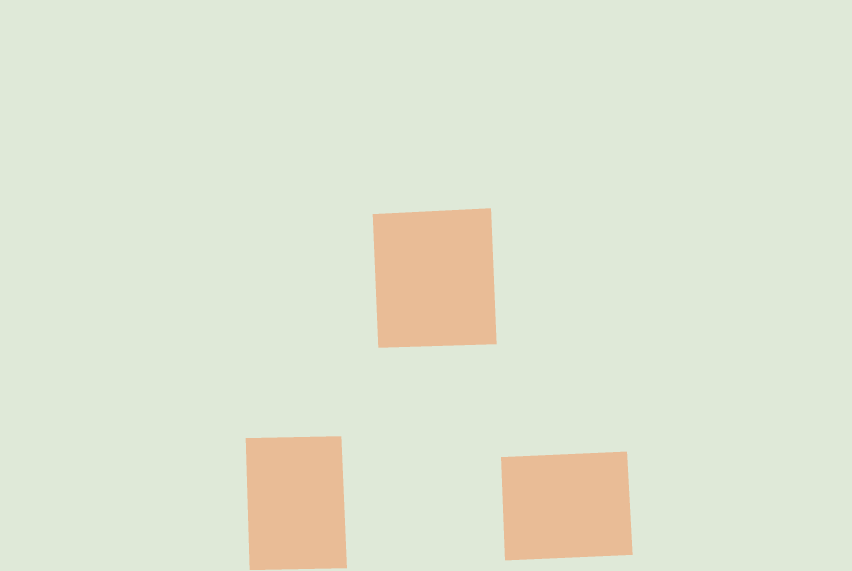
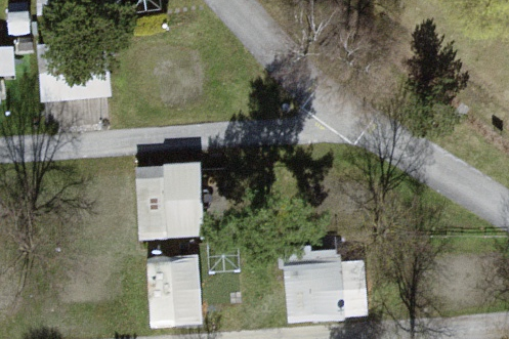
building: [372,208,497,349] -> [137,162,205,238]

